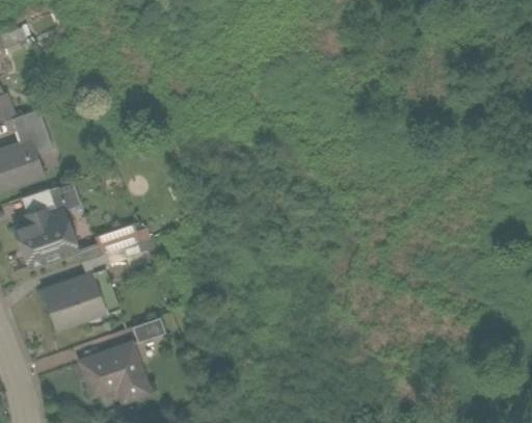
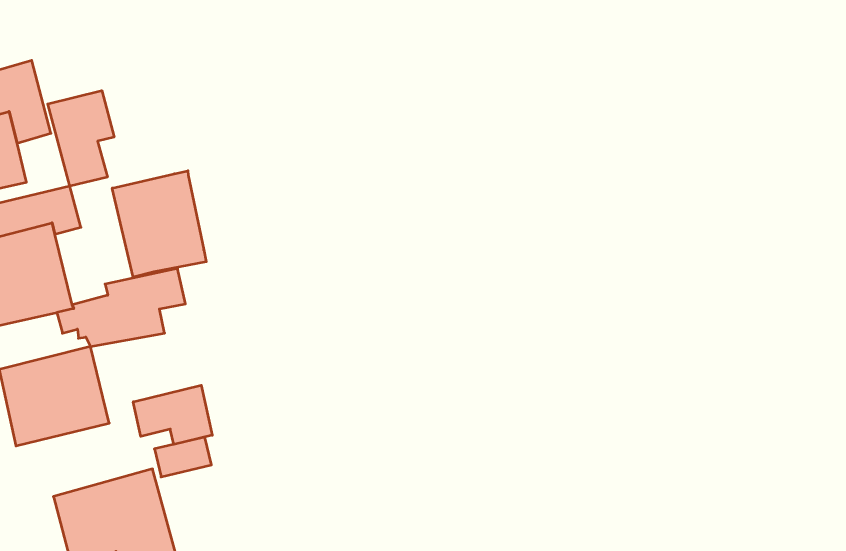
building: none -> [48,91,114,186]
building: none -> [112,171,206,277]
building: none -> [133,385,212,444]

